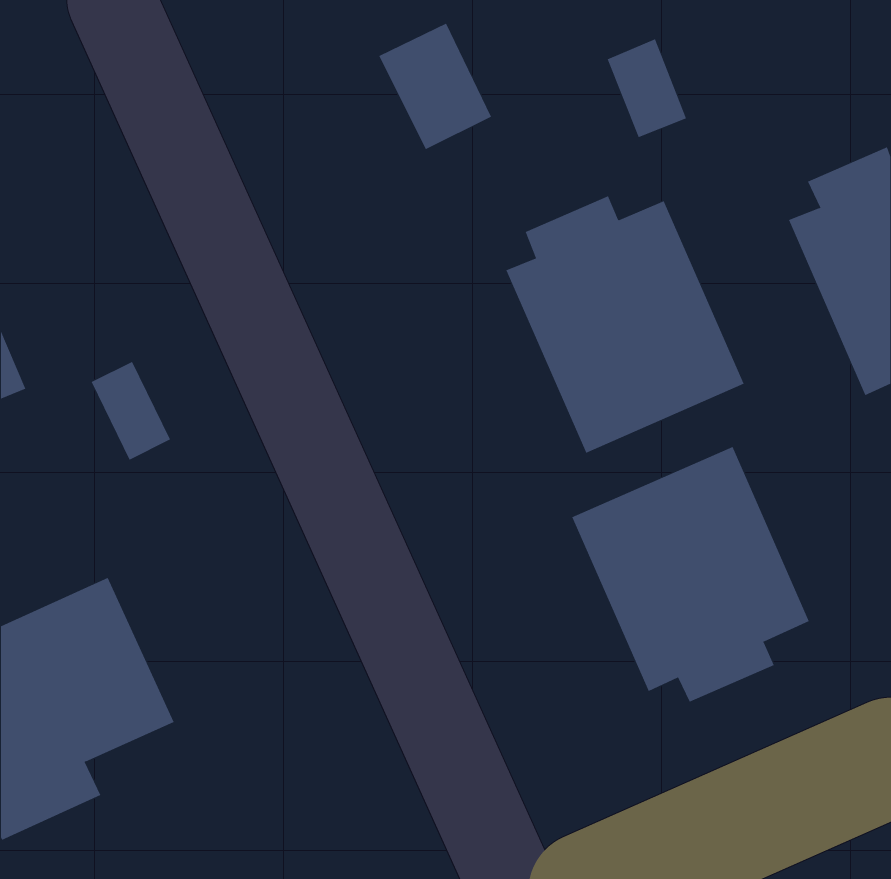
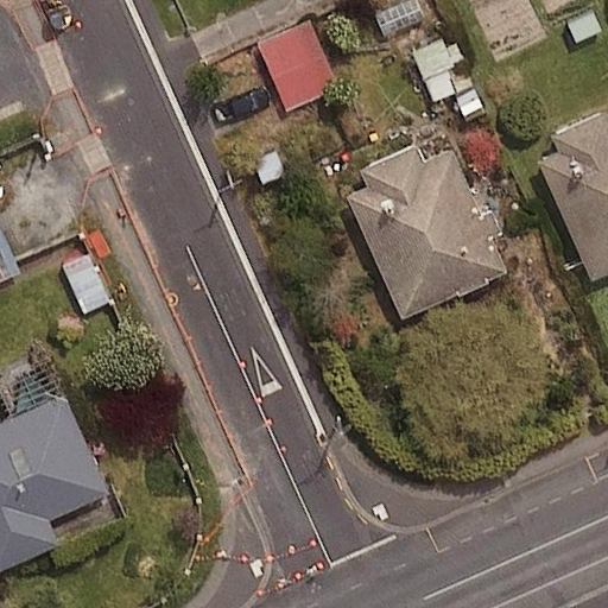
building: [572,446,810,703] -> none

